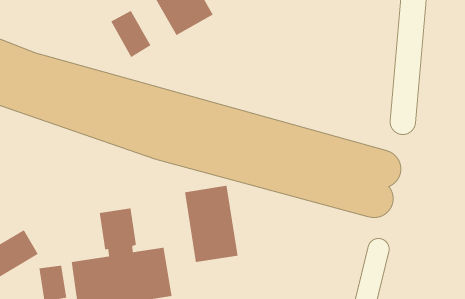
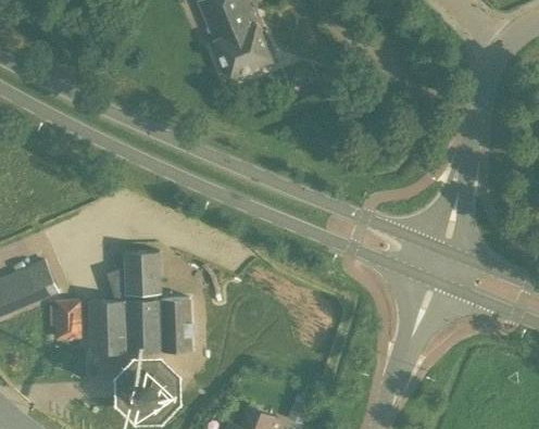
building: [110,10,151,58] -> none
building: [184,185,238,263] -> none

